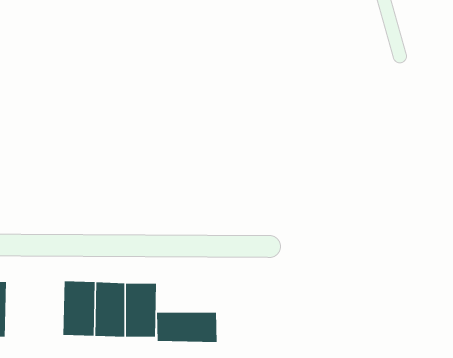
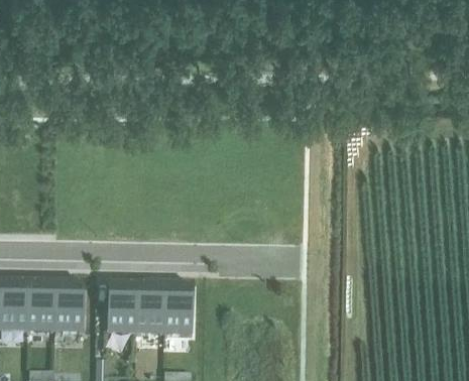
building: none -> [54,287,86,339]
building: [156,312,217,343] -> none

